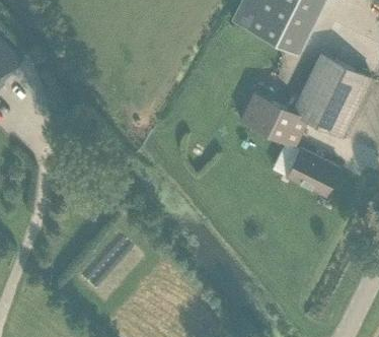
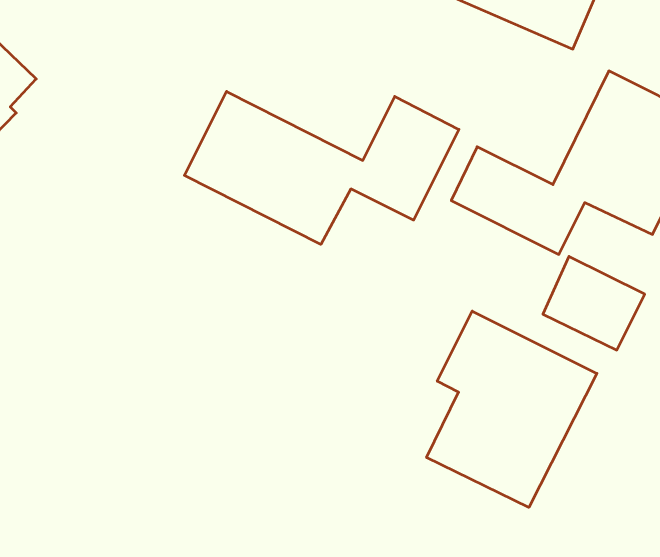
building: none -> [184,91,459,244]
building: none -> [427,311,597,507]

